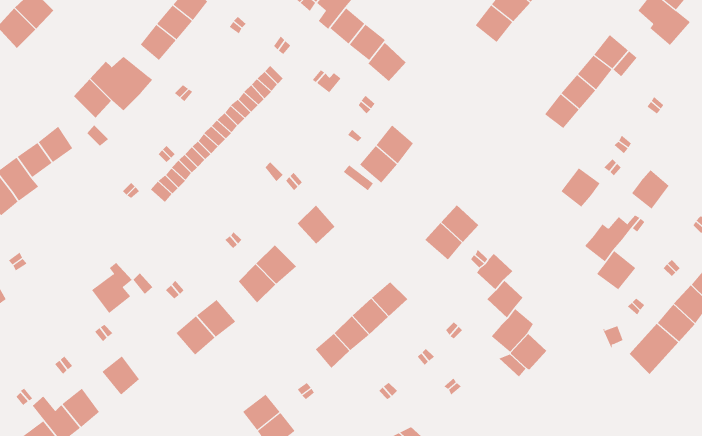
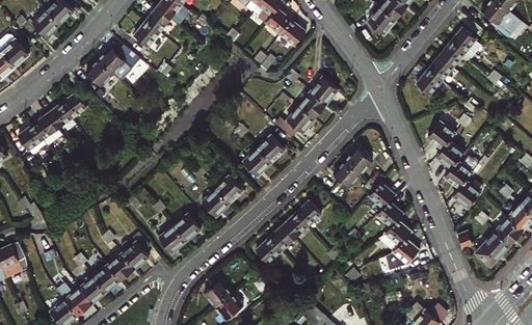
building: [367,42,407,82] -> [310,76,338,104]
building: [631,169,670,209] -> [436,140,463,168]
building: none -> [257,134,285,162]
building: [91,262,133,314] -> [121,233,150,269]
building: none -> [92,264,119,292]

